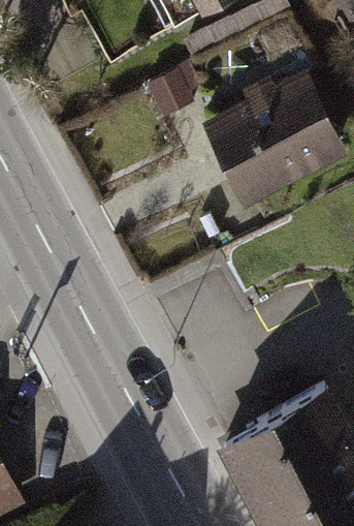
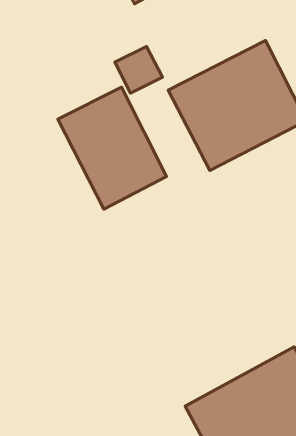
building: none -> [58,87,167,209]

